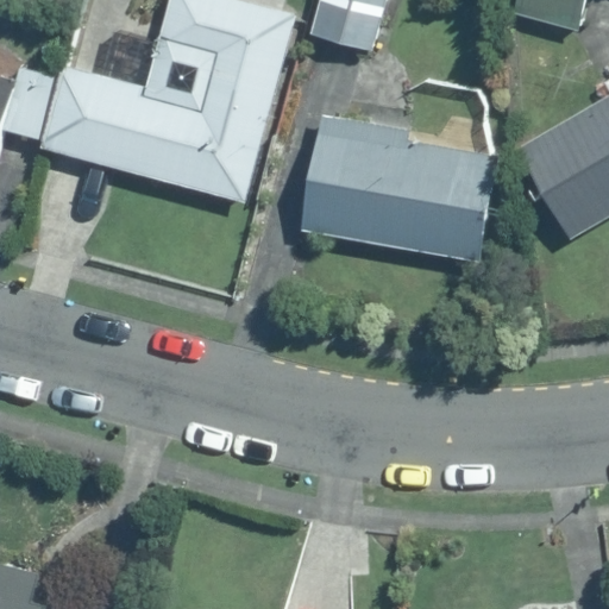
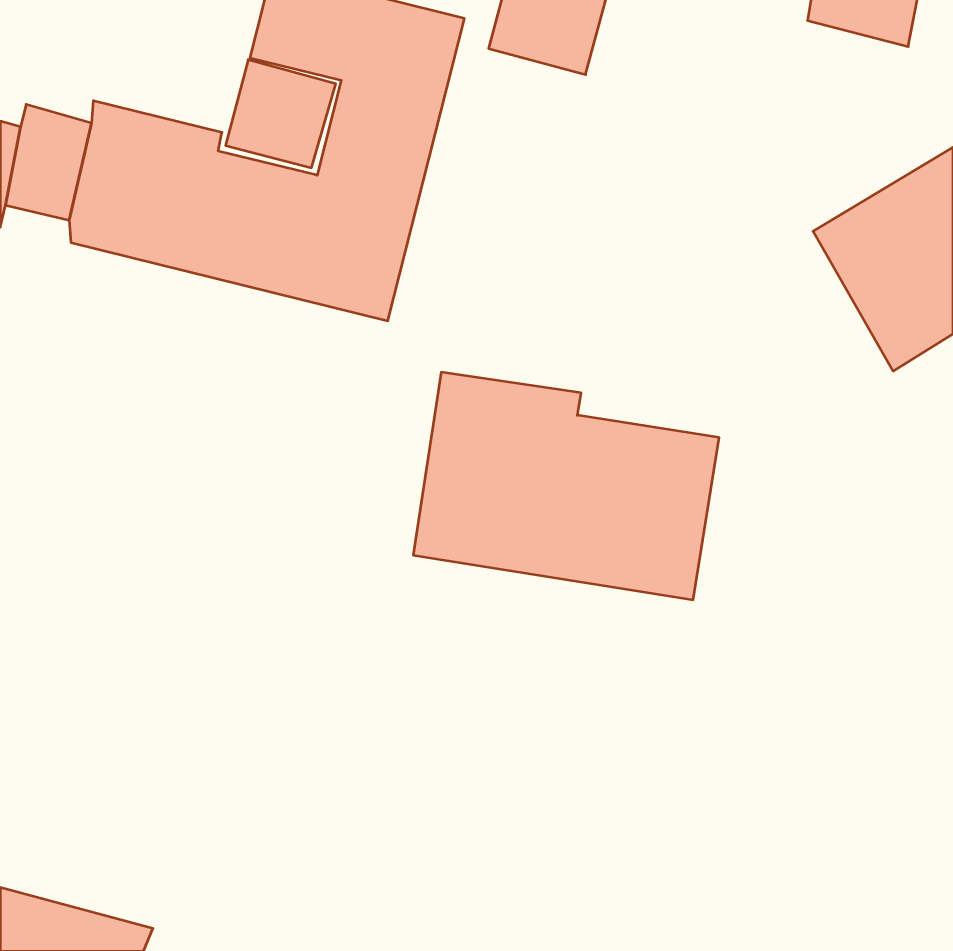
building: [301,115,496,260] -> [413,372,719,600]

